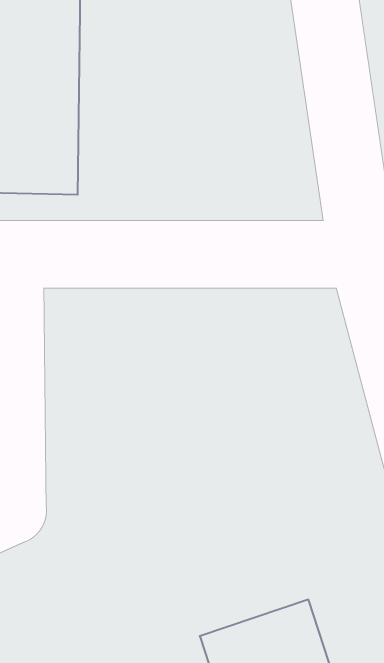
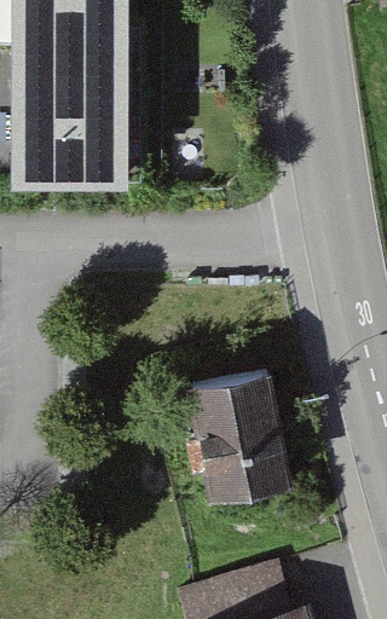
building: none -> [202,365,310,498]

